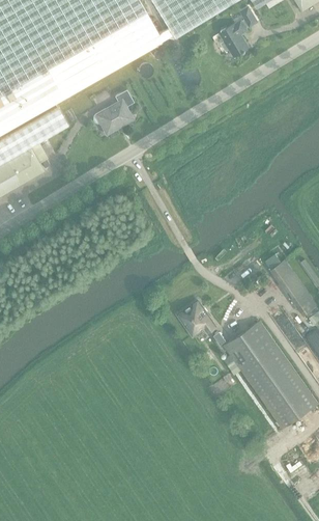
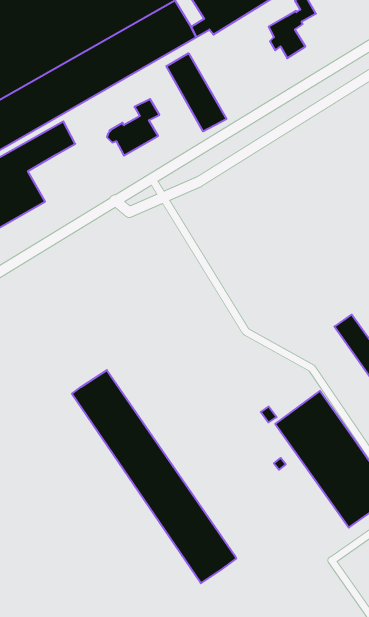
building: none -> [166,53,226,131]
building: [176,300,214,335] -> none
building: none -> [72,370,236,583]

